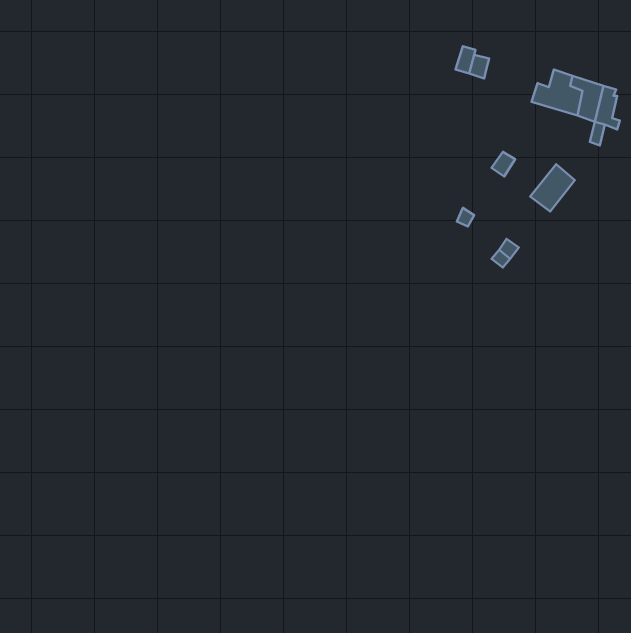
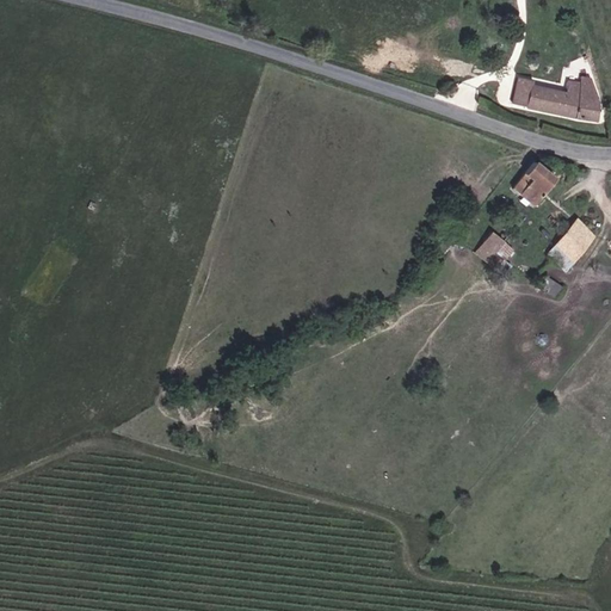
building: none -> [554,222,597,266]

